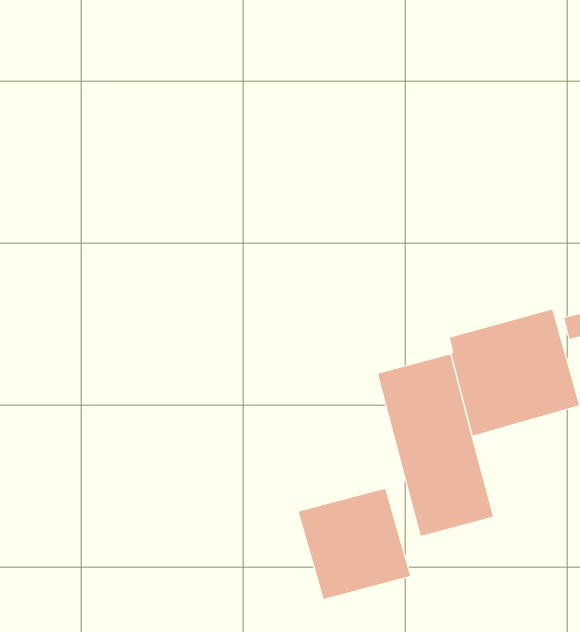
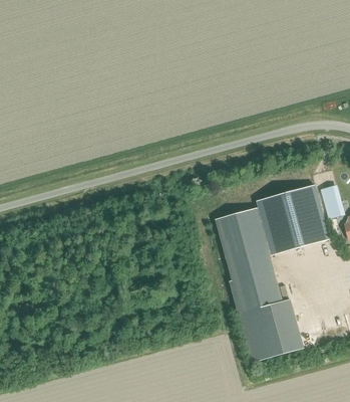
building: [298,488,411,599] -> [240,298,303,361]

